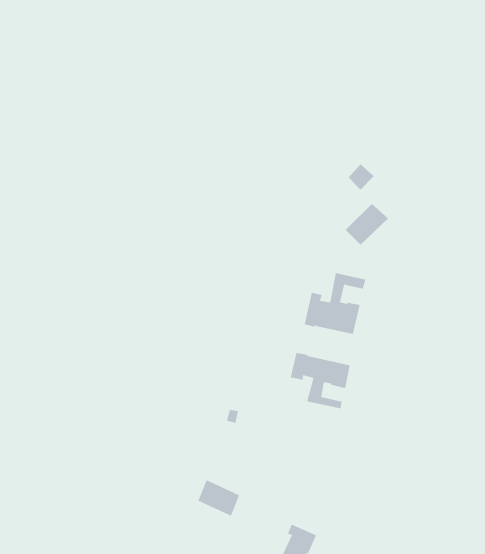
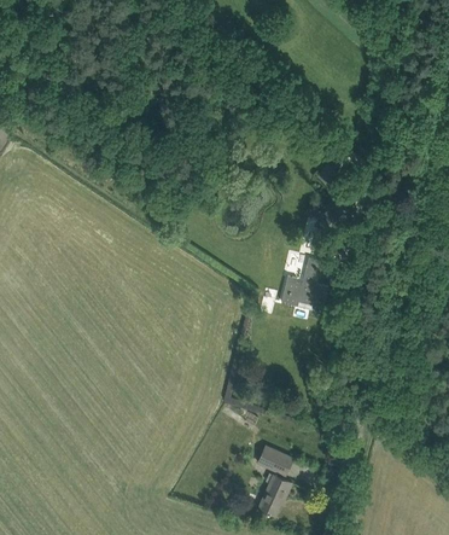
building: [290,352,350,409] -> none
building: [198,480,240,516] -> [256,443,292,475]

